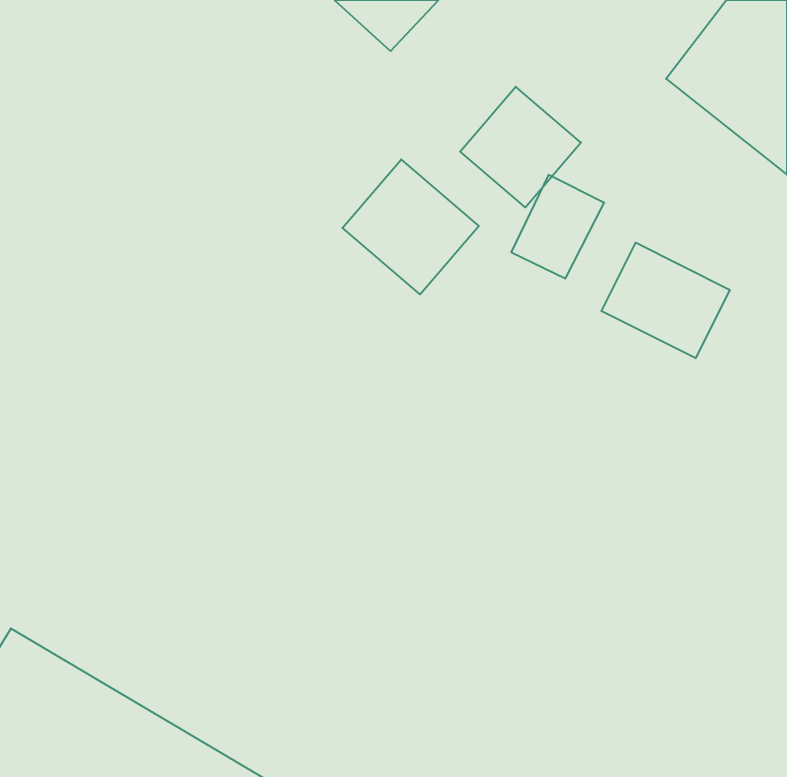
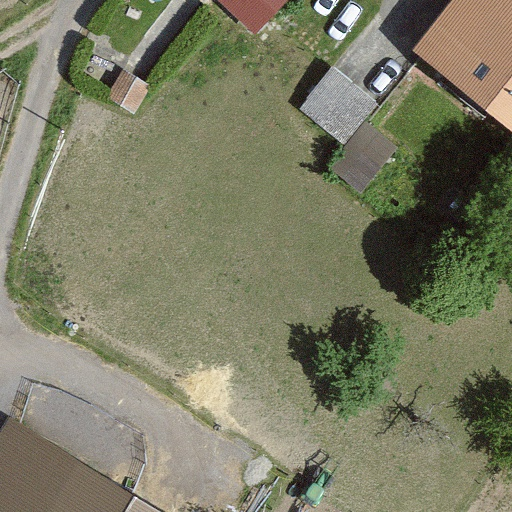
building: [342,159,479,294] -> none
building: [601,243,730,358] -> none

